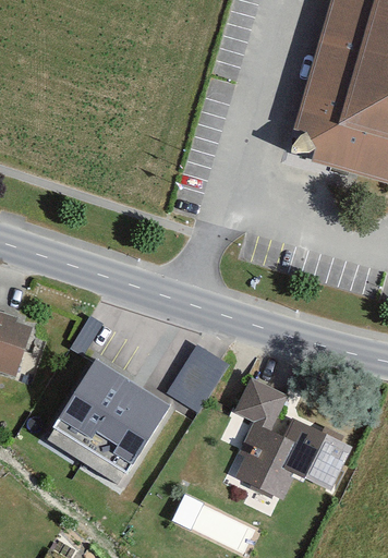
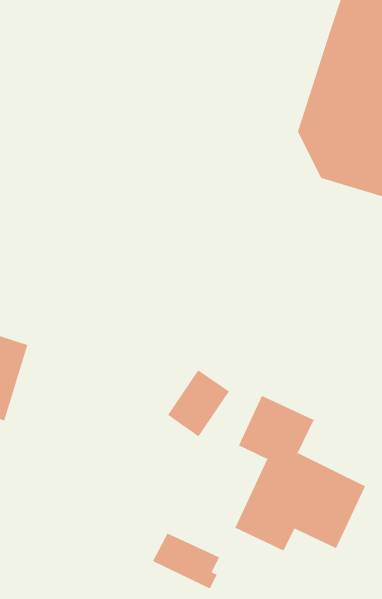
building: [46,350,172,482] -> none

